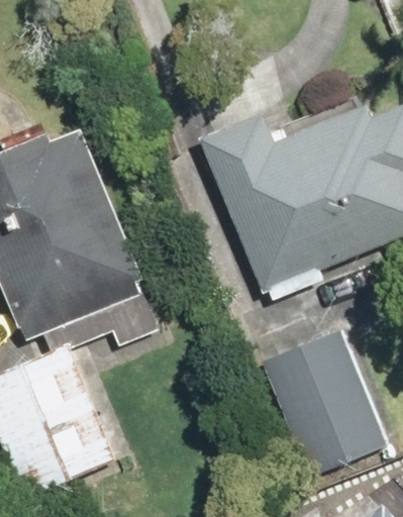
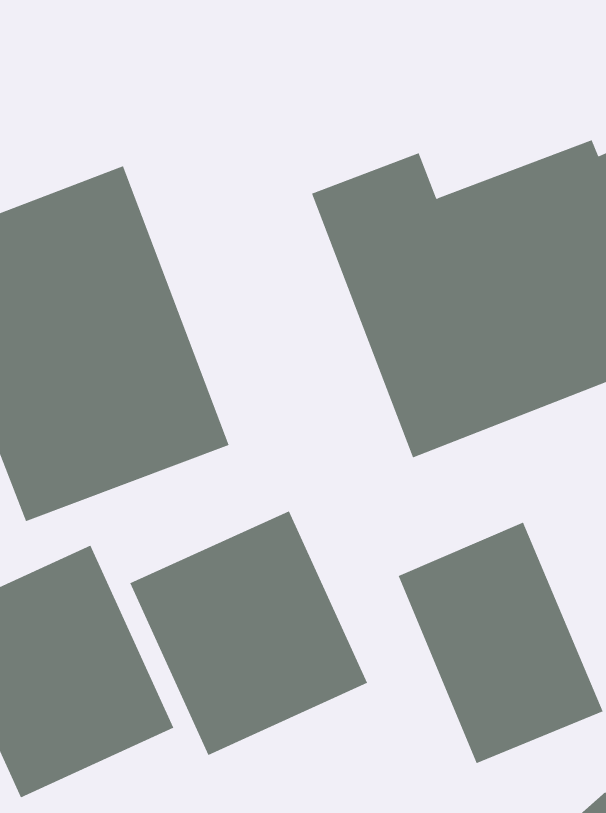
building: none -> [129,510,368,756]

